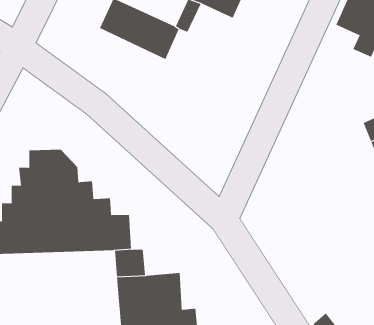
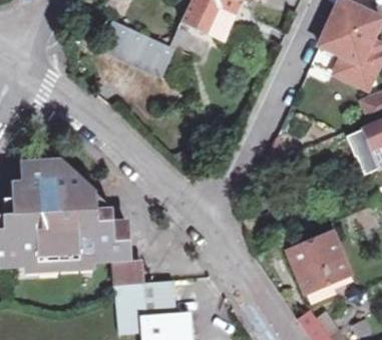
building: none -> [289,234,352,300]

